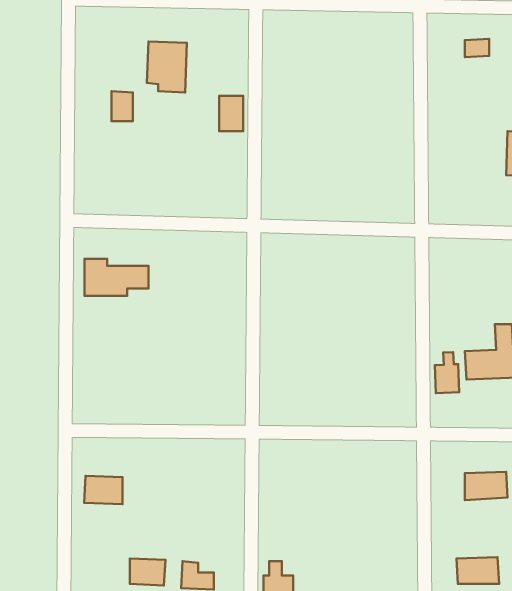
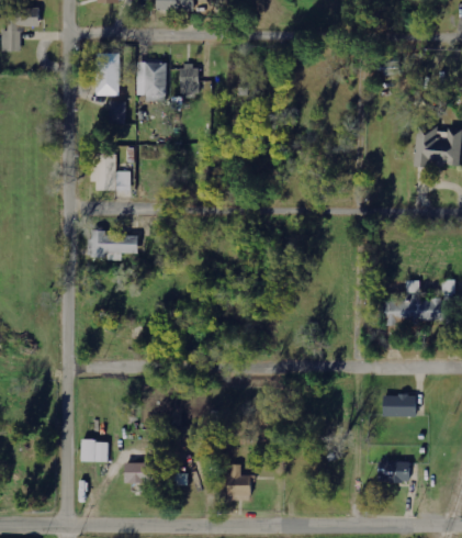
building: none -> [97,53,121,94]
building: [219,96,243,131] -> [181,65,200,92]
building: none -> [90,154,129,190]
building: [435,352,459,393] -> none
building: [84,476,122,504] -> [80,439,110,461]

